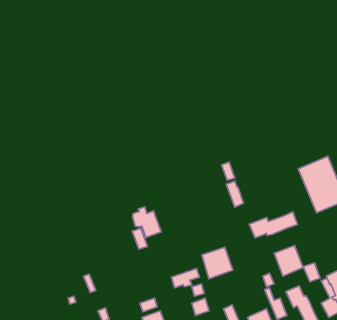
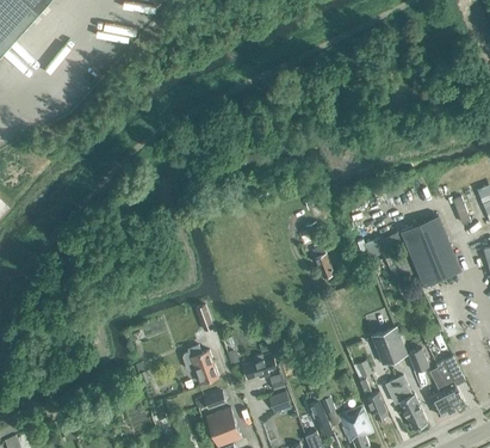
building: [132,207,161,238] -> [184,346,219,385]
building: [249,212,297,238] -> none
building: [202,247,233,279] -> none

